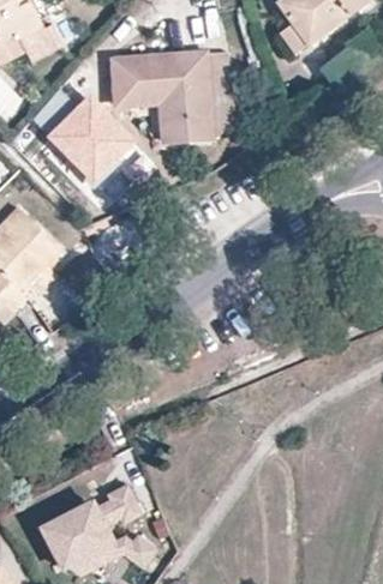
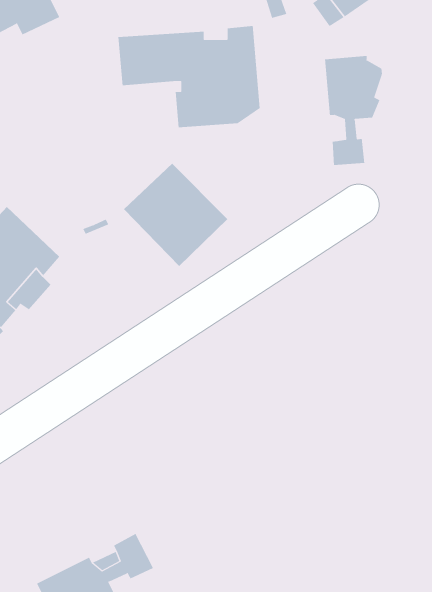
building: none -> [325,55,382,166]
building: [43,95,133,183] -> [123,163,228,267]

